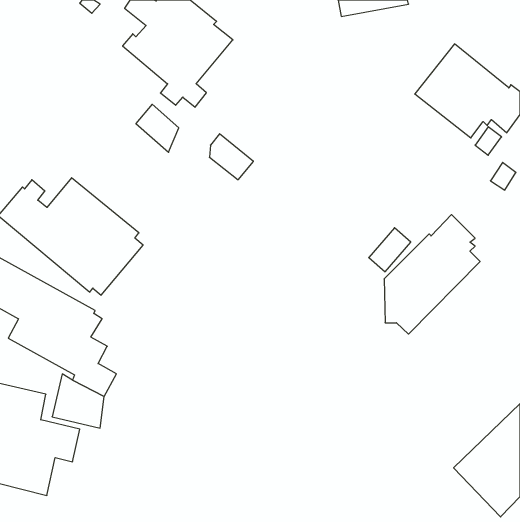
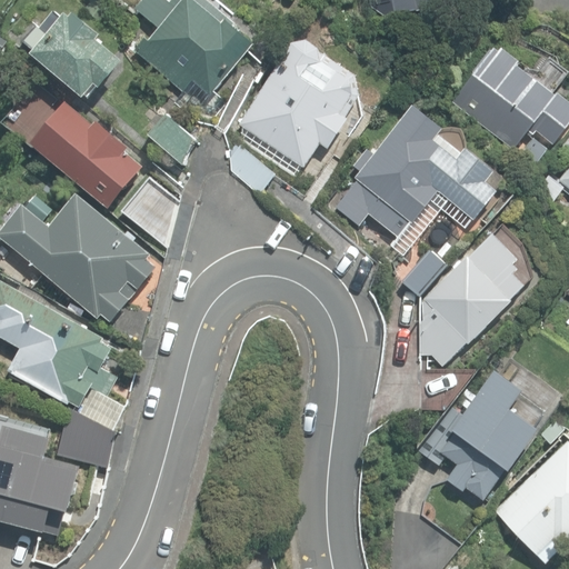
building: none -> [22,10,122,97]
building: none -> [238,34,359,167]
building: none -> [30,101,143,209]
building: none -> [335,104,503,238]
building: none -> [423,387,537,499]

